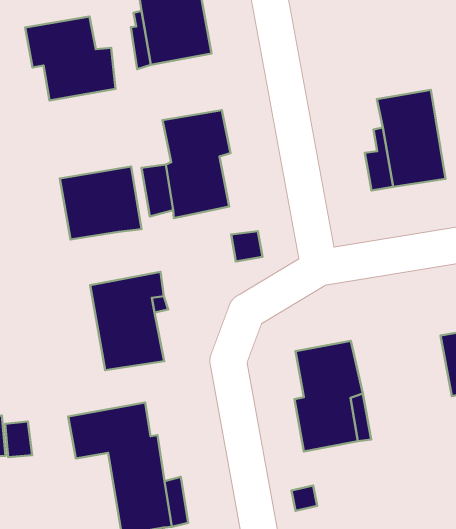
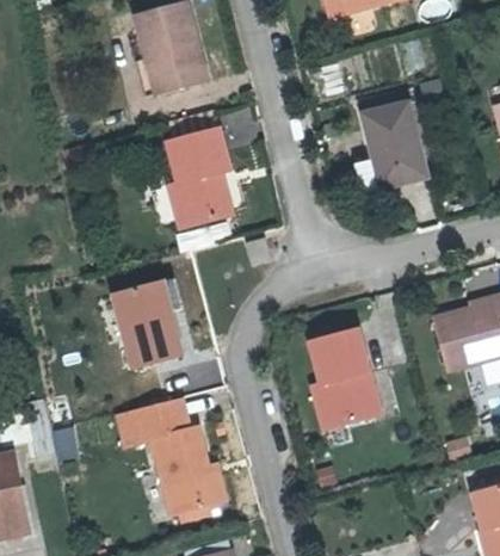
building: [25,16,115,100] -> none
building: [60,166,142,240] -> none

